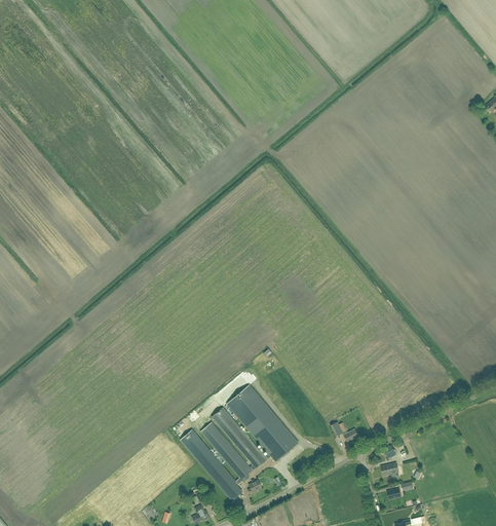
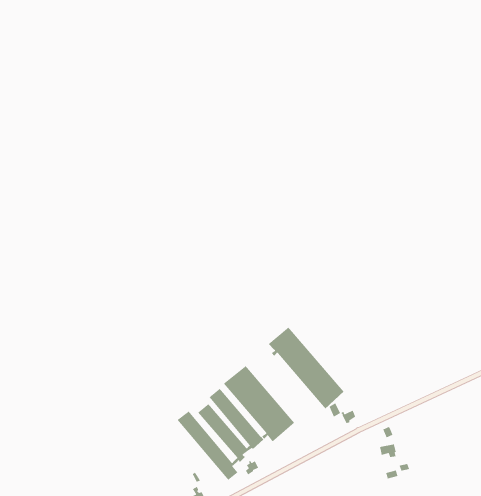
building: none -> [268,326,345,409]

